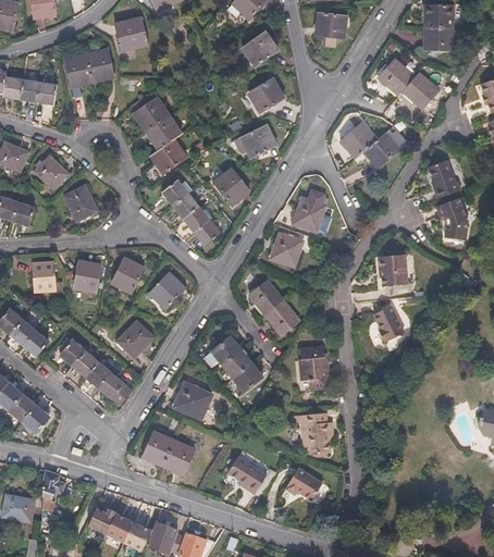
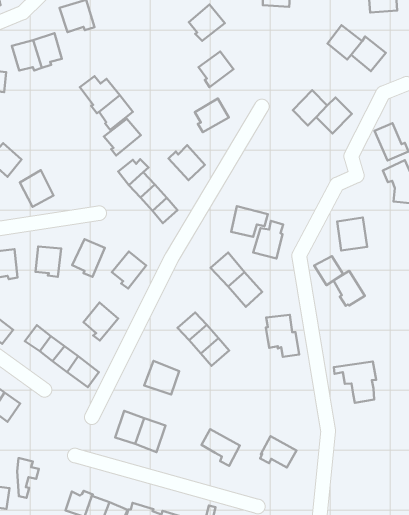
building: [294,193,325,231] -> [253,221,283,259]
building: none -> [314,256,343,285]
building: [293,412,334,453] -> [334,361,376,403]

